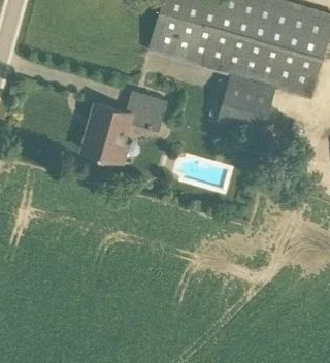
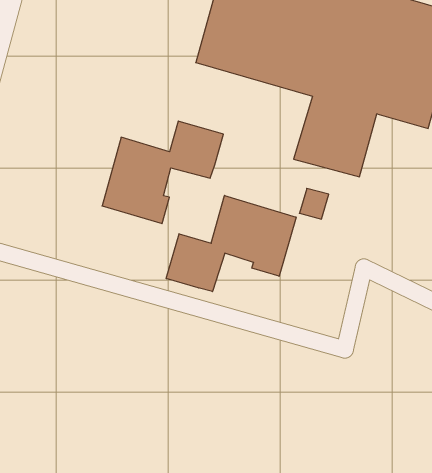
building: none -> [166,195,296,292]

